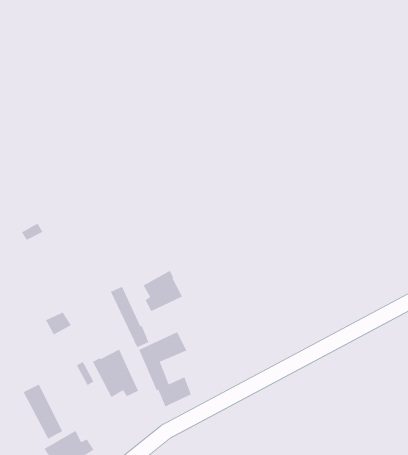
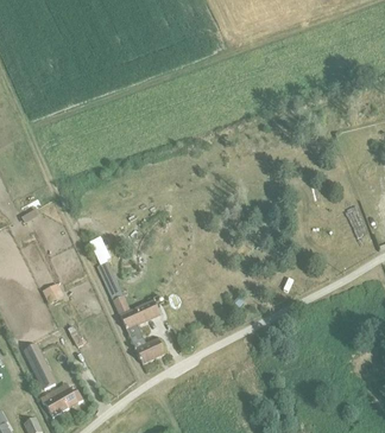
building: [142,270,183,312] -> none
building: [92,349,139,398] -> none

